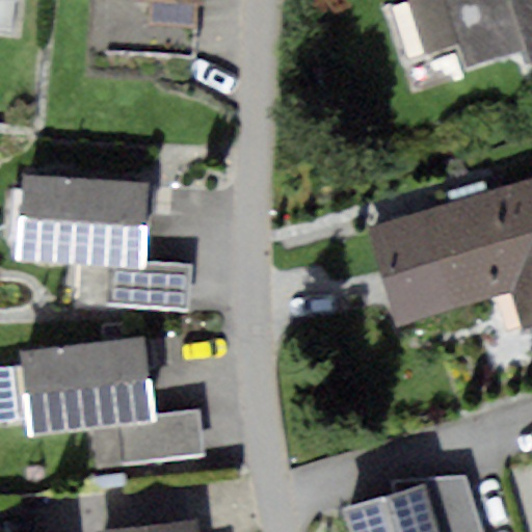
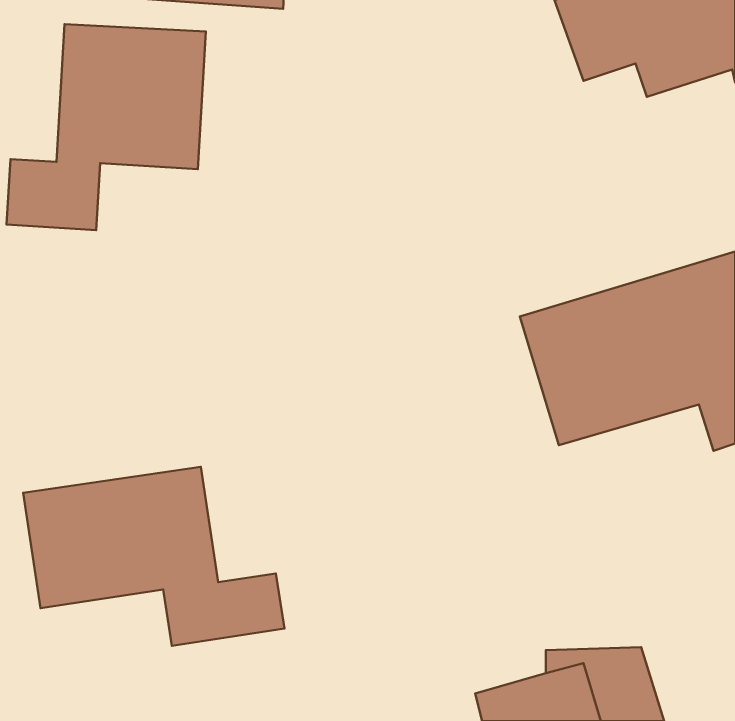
building: none -> [6,24,206,230]
building: [17,172,196,312] -> none

